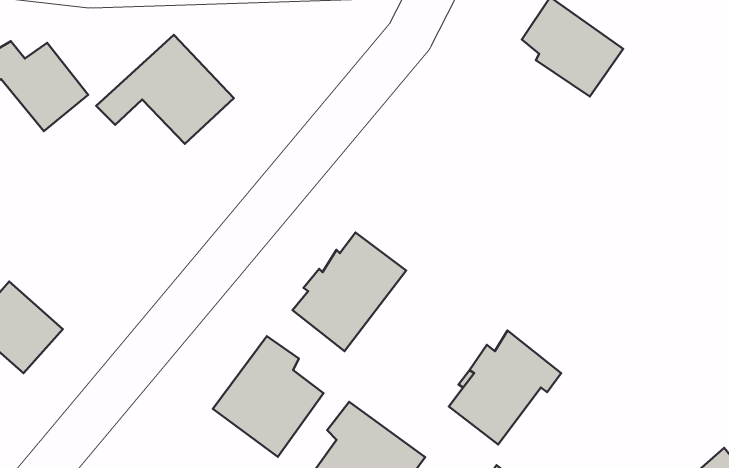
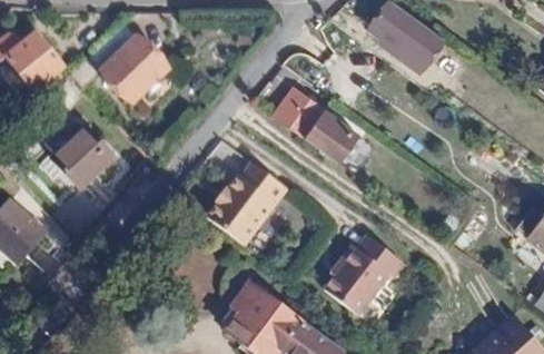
building: none -> [274,86,355,159]
building: none -> [51,126,116,190]
building: [213,336,324,457] -> none

